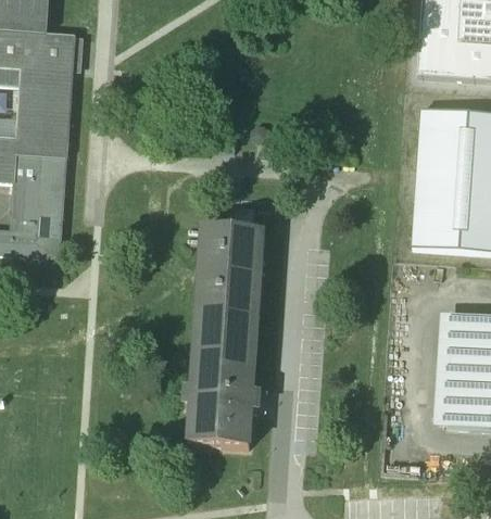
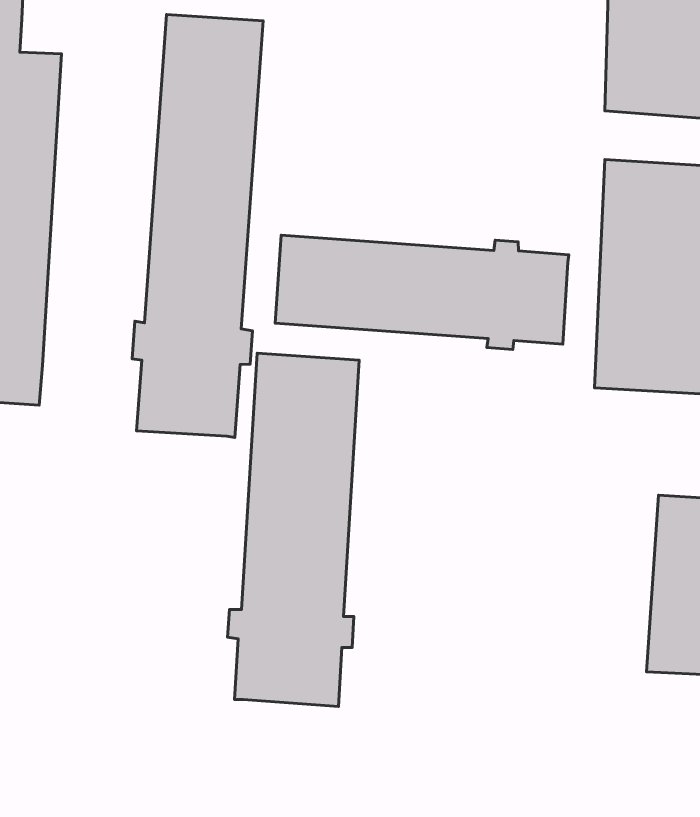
building: none -> [132,14,263,438]
building: none -> [275,235,569,349]

